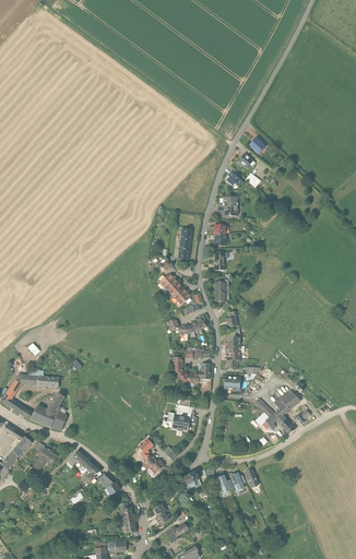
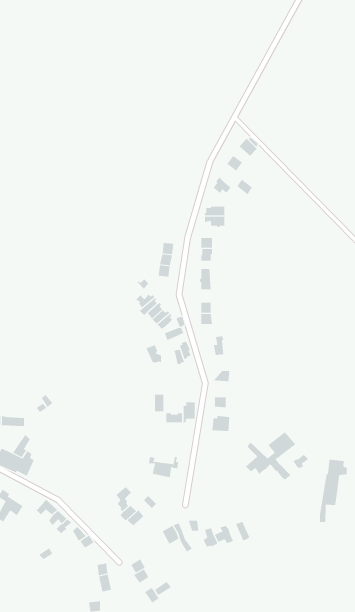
building: none -> [319,459,347,523]

